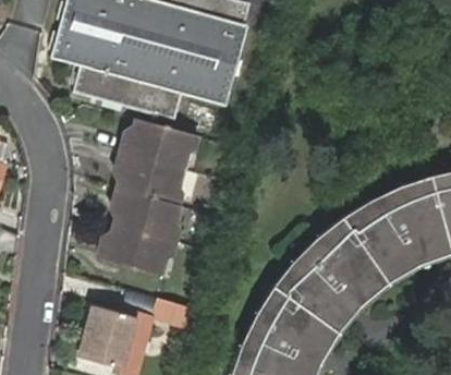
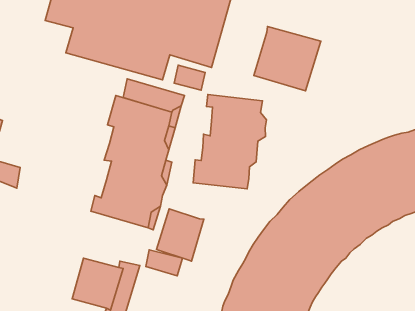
building: none -> [254,26,321,91]
building: none -> [193,94,267,189]
building: none -> [157,209,204,261]

